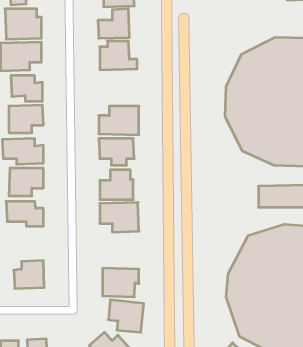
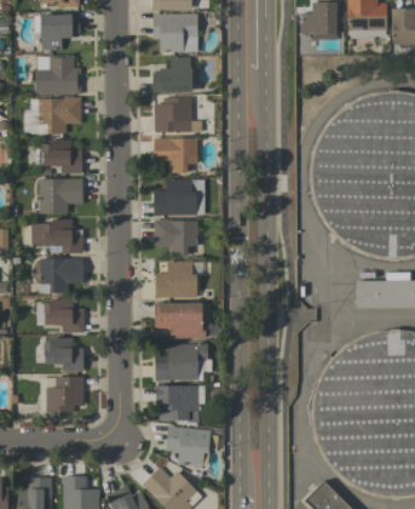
building: none -> [154,138,198,173]
building: none -> [45,338,85,372]
building: none -> [155,344,209,381]

